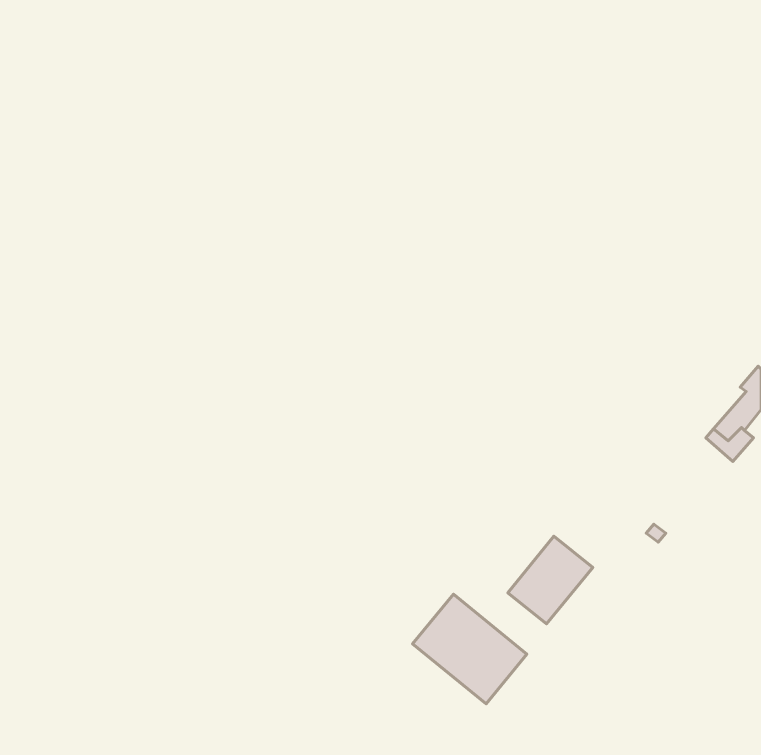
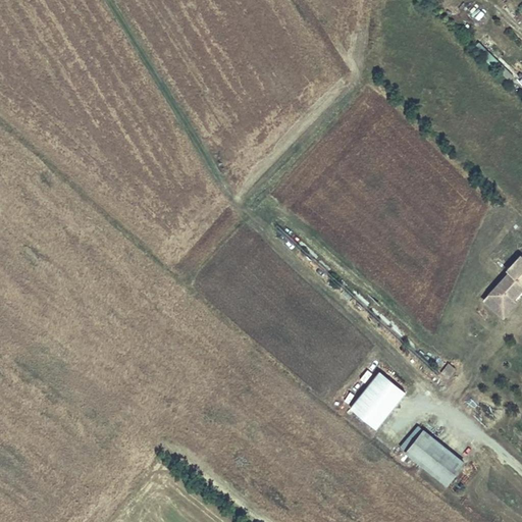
building: [413,594,527,704] -> none
building: none -> [406,430,463,484]

